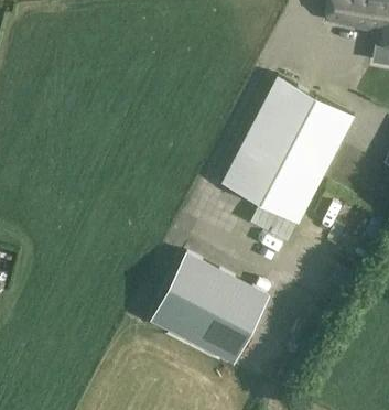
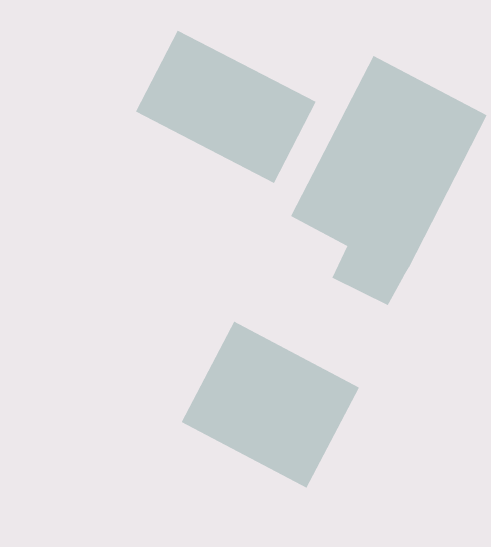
building: none -> [135,30,317,184]

